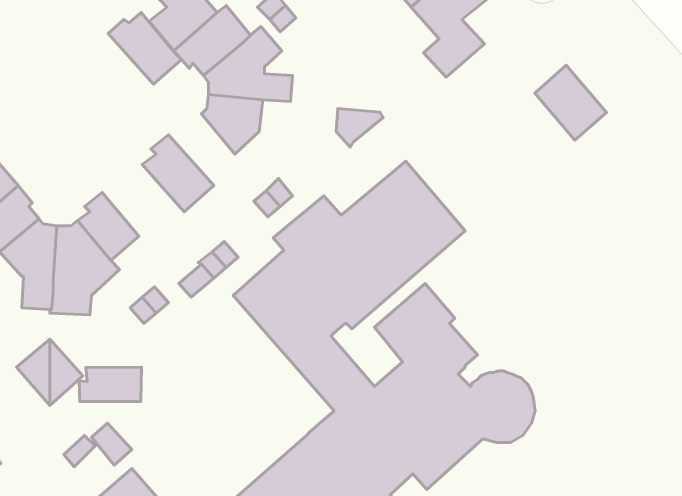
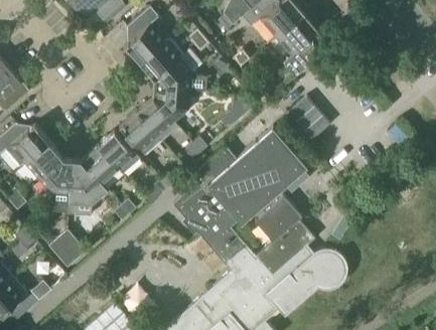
building: [108,12,181,84] -> [136,100,178,141]
building: [535,65,606,140] -> [288,97,329,140]
building: none -> [98,133,140,174]
building: [79,367,142,401] -> none

